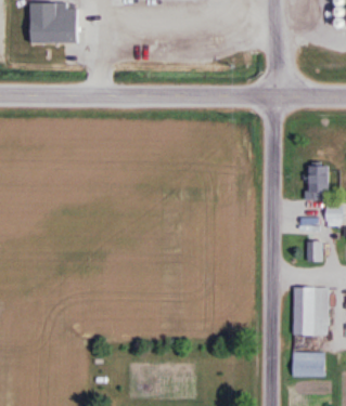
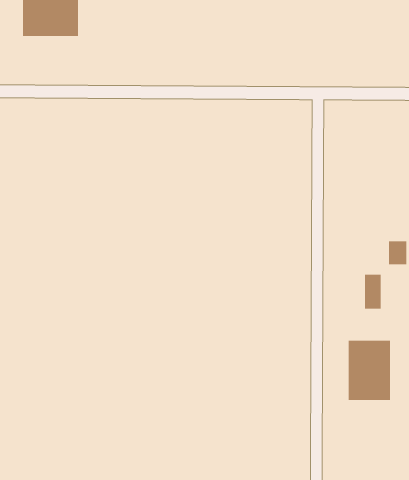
building: [306,166,328,201] -> none
building: [292,353,323,376] -> none

